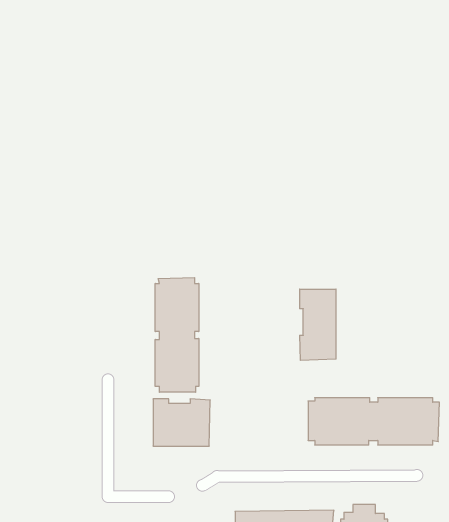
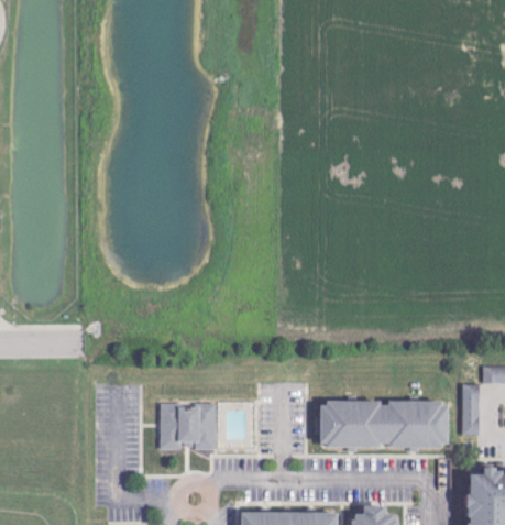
building: [155,278,199,392] -> none
building: [300,289,336,360] -> none

